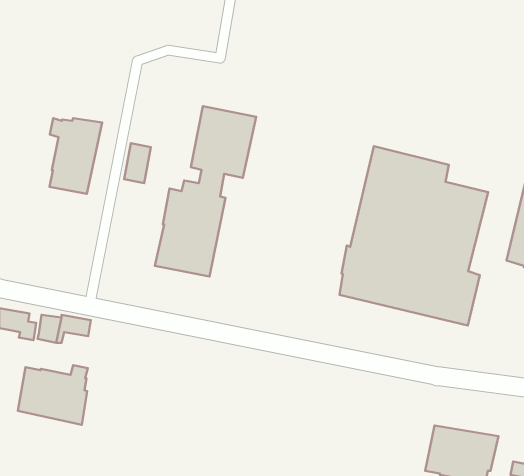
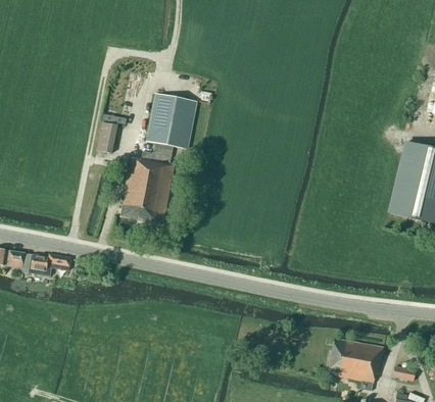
building: [49,118,102,194] -> none
building: [339,146,488,325] -> none
building: [18,365,88,425] -> none

